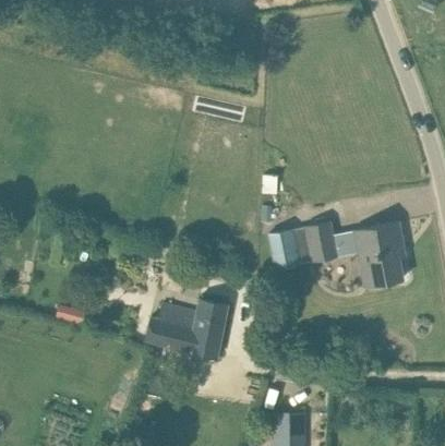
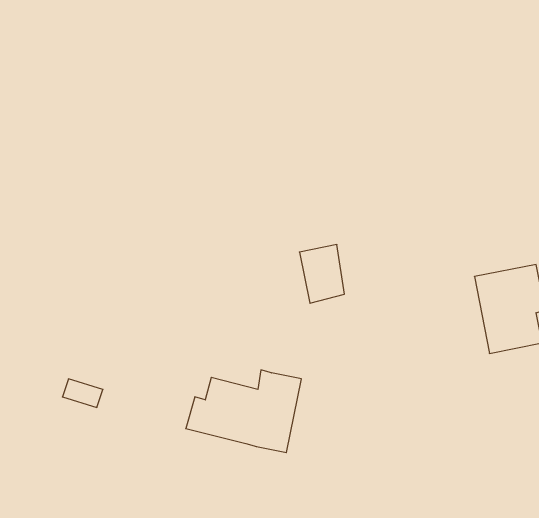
building: [305,222,337,262] -> none
building: [266,228,299,270] -> [299,245,344,303]

